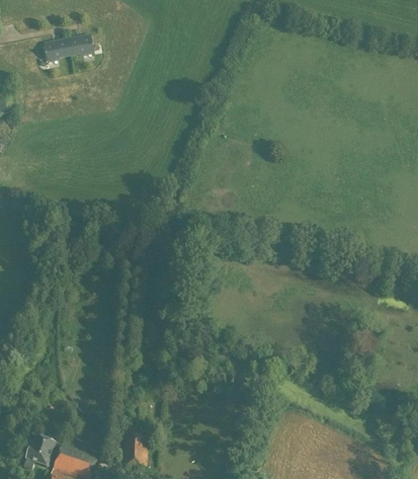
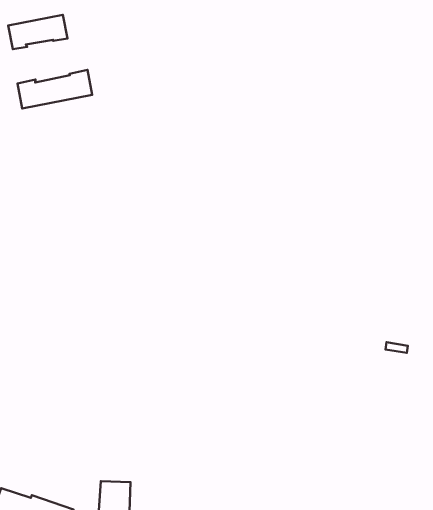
building: none -> [18,70,92,108]

